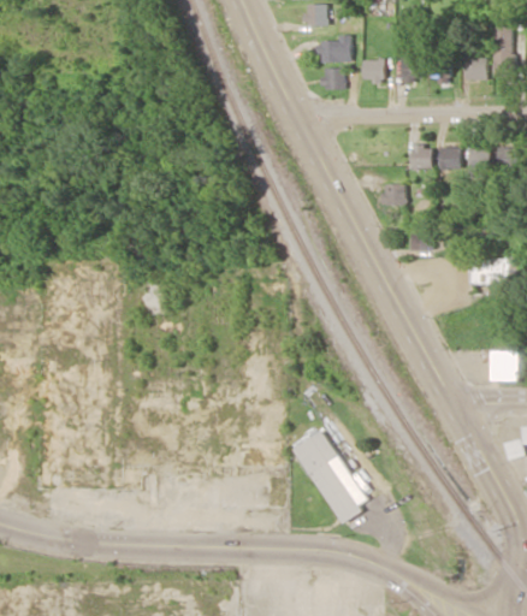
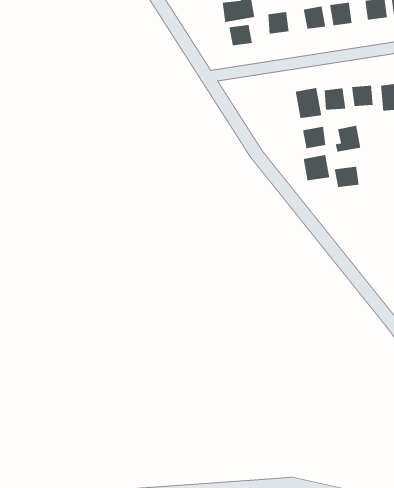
building: none -> [295,87,322,119]
building: none -> [335,125,361,153]
building: none -> [303,154,330,181]
building: [294,431,367,525] -> none

